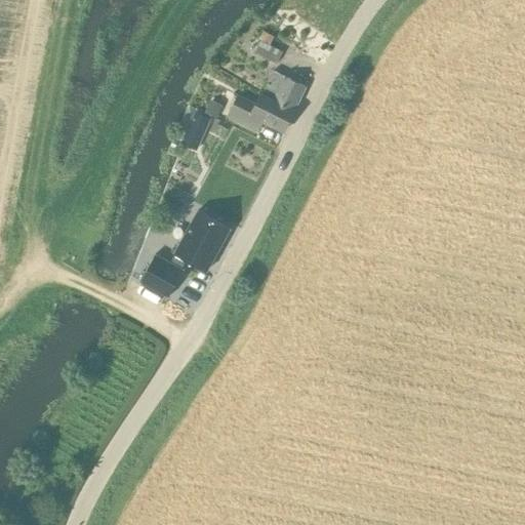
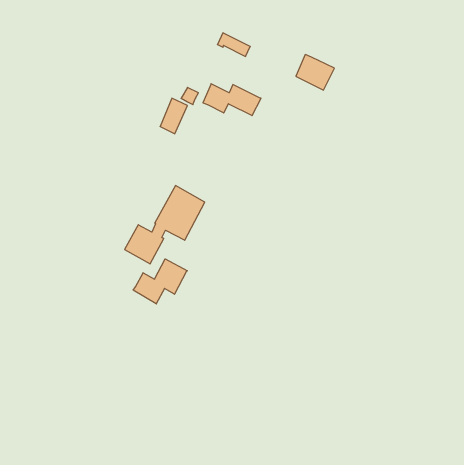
building: [264,71,307,111] -> [296,55,334,90]
building: none -> [133,259,187,304]

